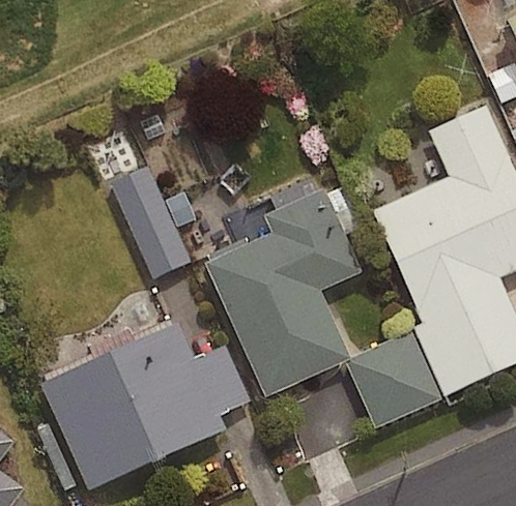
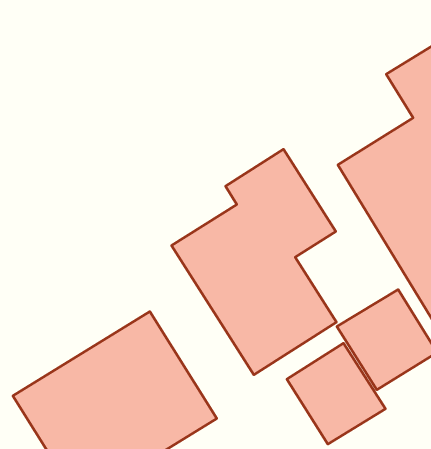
building: [113,161,194,274] -> none
building: none -> [287,343,386,444]

